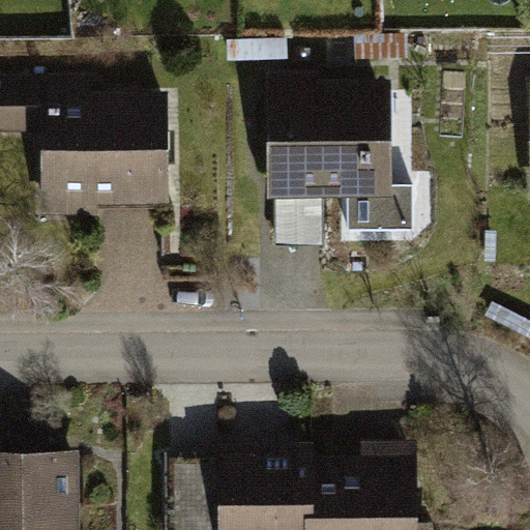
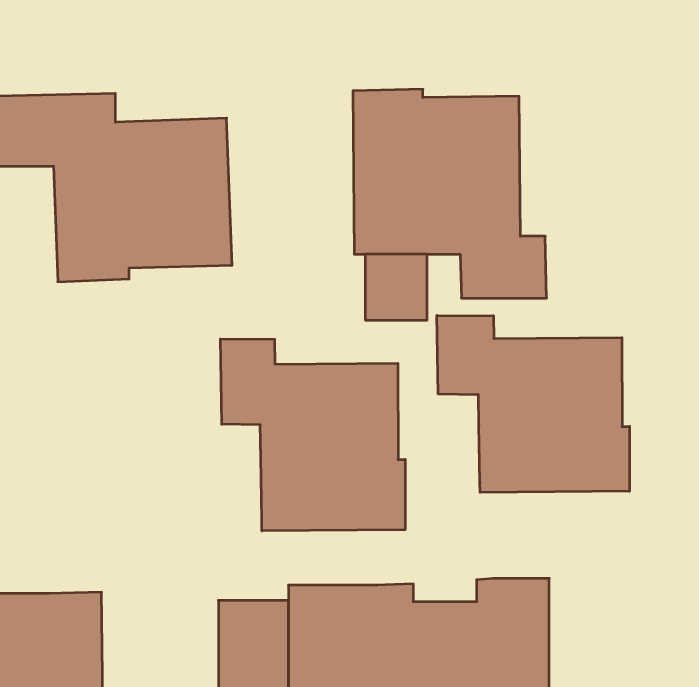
building: none -> [437,315,630,492]
building: none -> [220,339,405,531]

